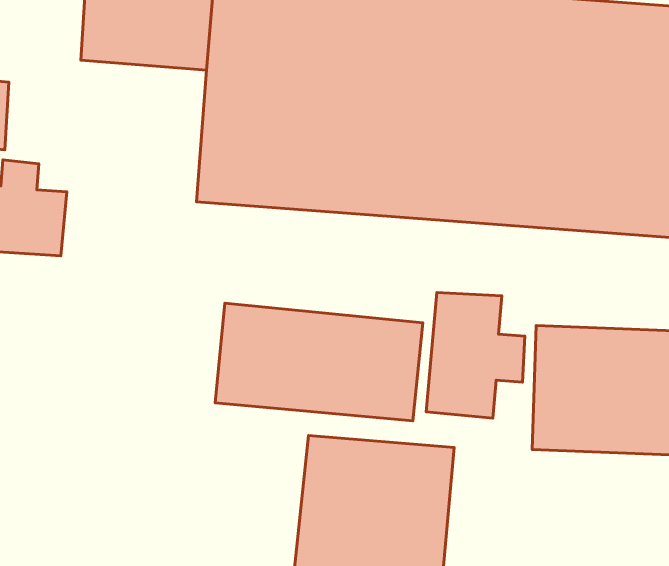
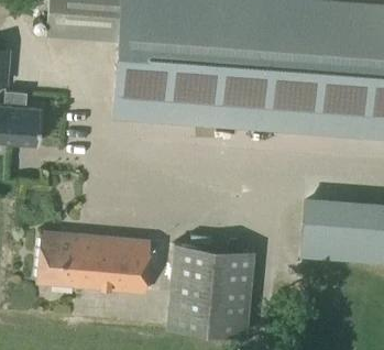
building: [426,293,525,418] -> none
building: [215,303,423,421] -> [37,231,152,296]

